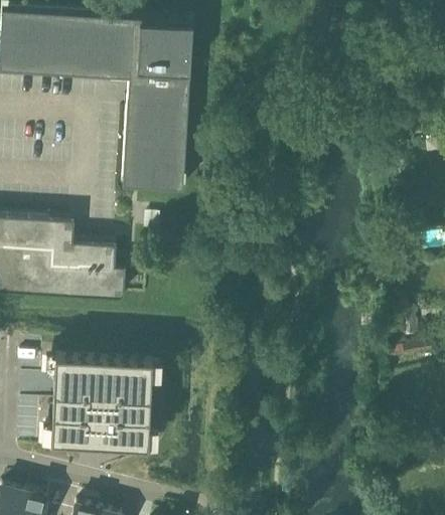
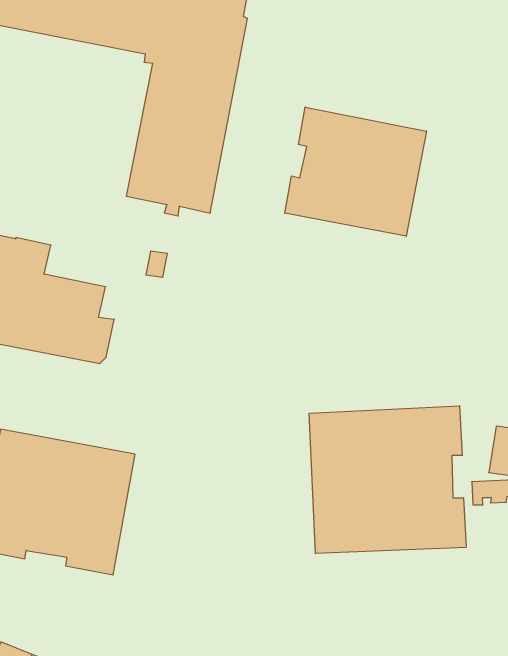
building: none -> [285,107,427,236]
building: none -> [309,406,466,554]

